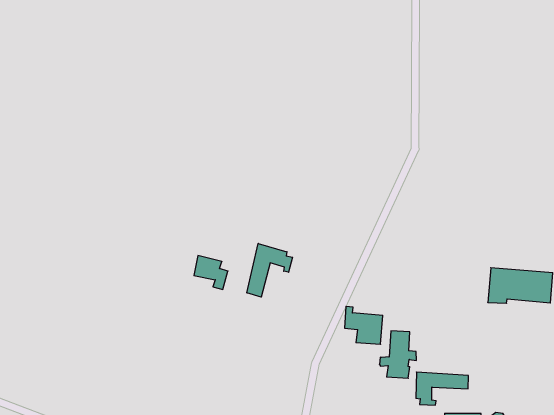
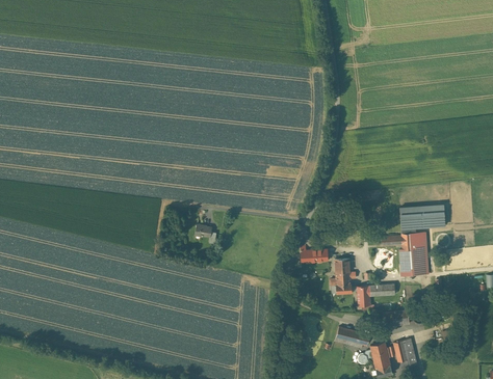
building: [247,243,293,297] -> none
building: none -> [384,235,426,275]

